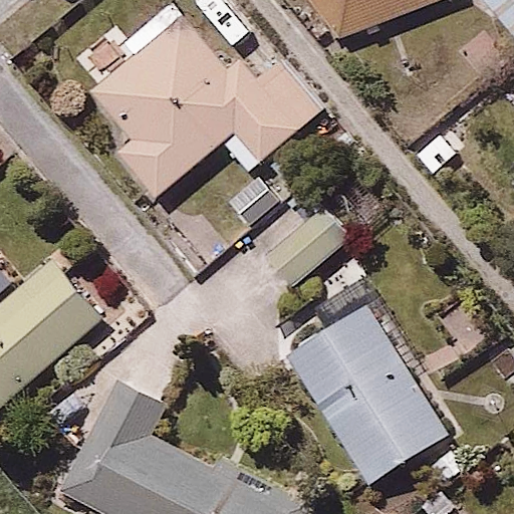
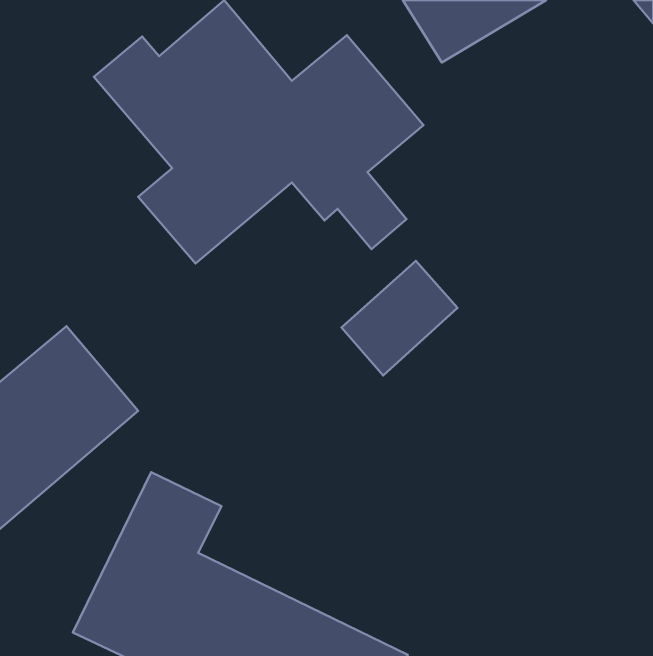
building: [282,301,447,486] -> none

